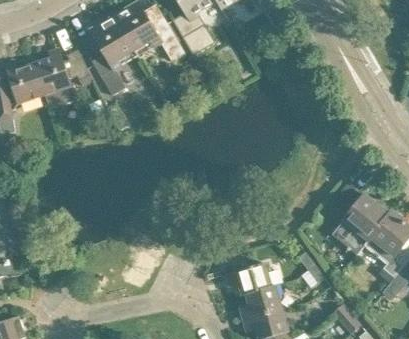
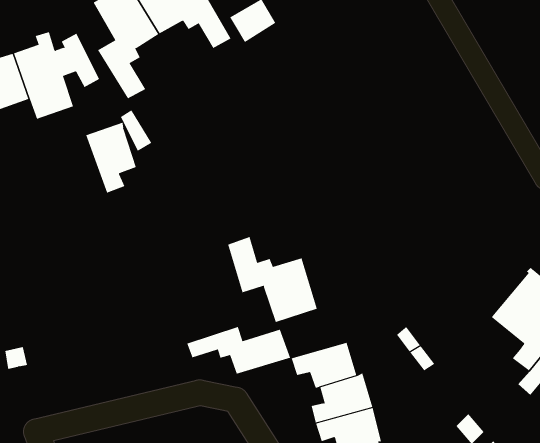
building: none -> [85,122,137,194]
building: [332,184,390,255] -> none
building: none -> [228,236,318,323]
building: none -> [186,326,291,375]

